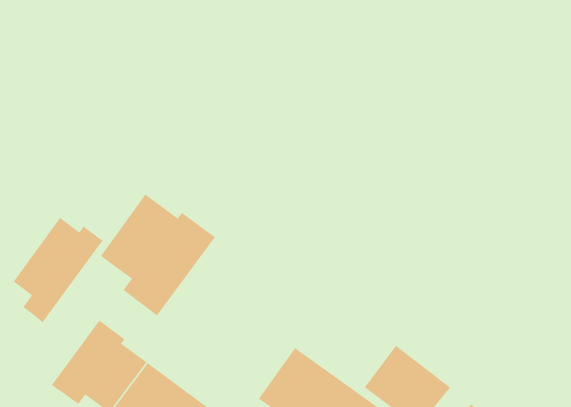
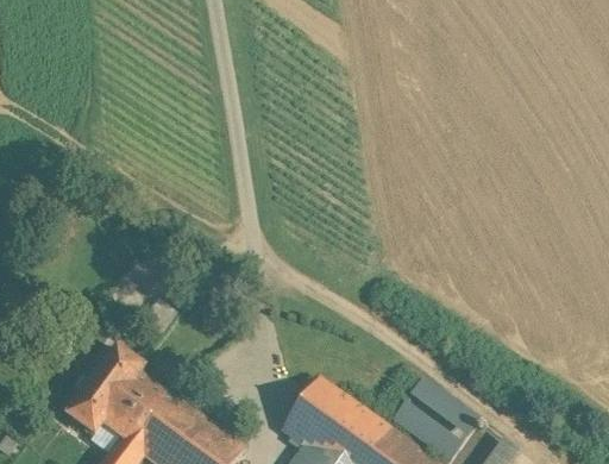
building: [100,193,216,317] -> none
building: [13,217,104,323] -> none

